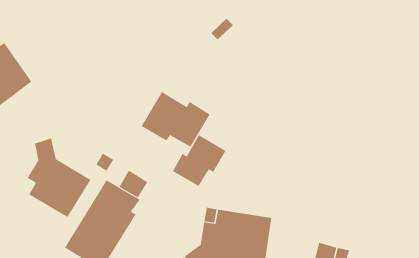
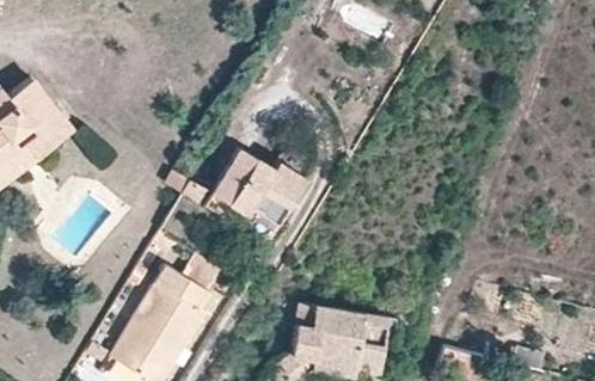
building: [172,134,226,187] -> none
building: [27,138,91,218] -> none

